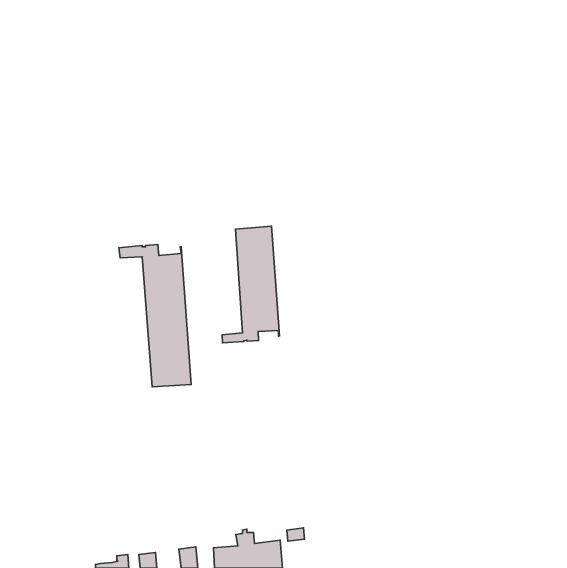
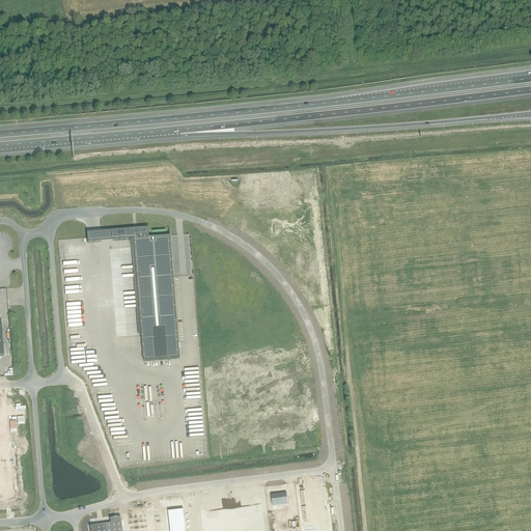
building: [222,226,279,343] -> none

